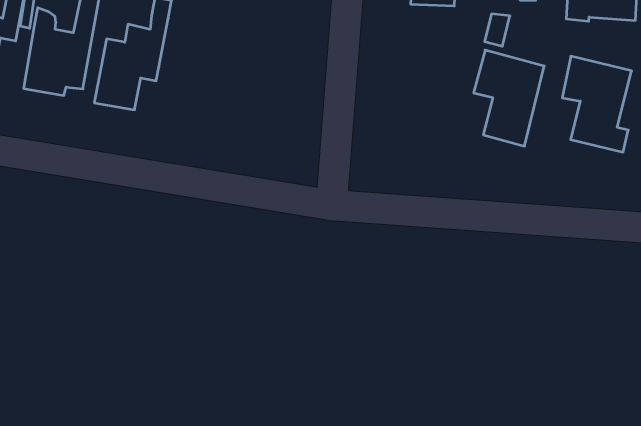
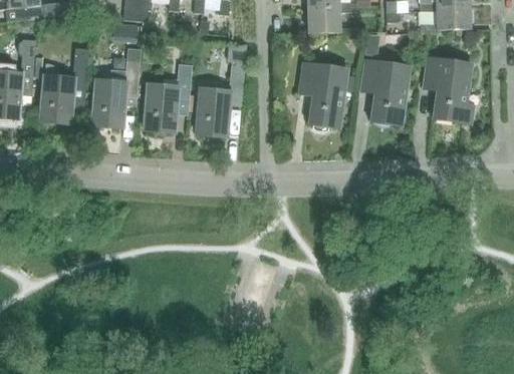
building: none -> [196,42,244,136]
building: none -> [144,63,190,131]
building: none -> [298,62,354,131]

